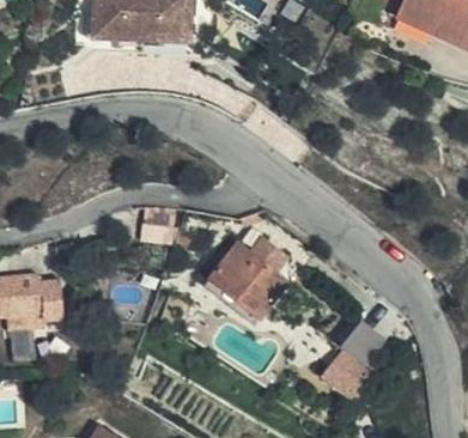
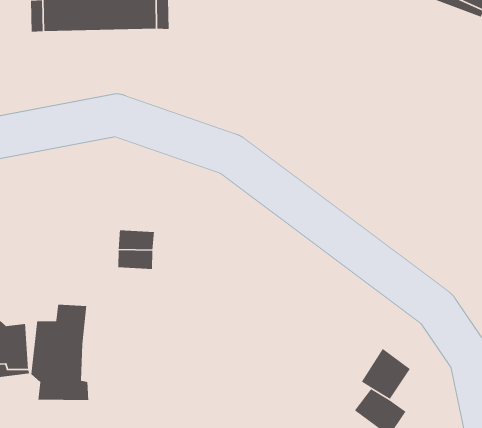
building: [208,242,288,318] -> none
building: none -> [30,304,89,401]

